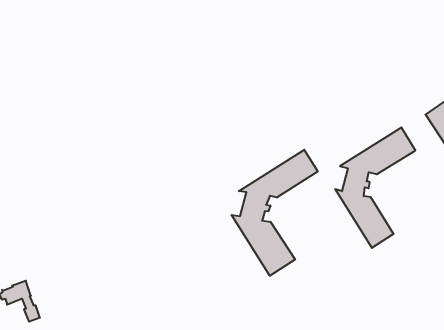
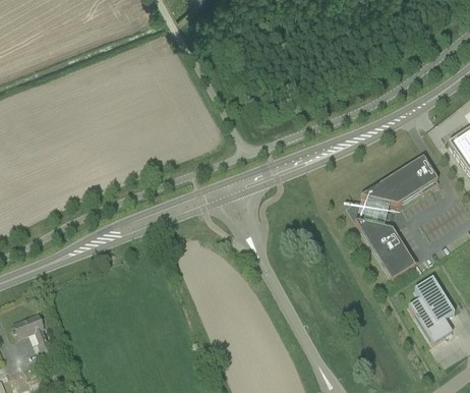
building: [232,150,318,276] -> none
building: none -> [407,277,454,343]

